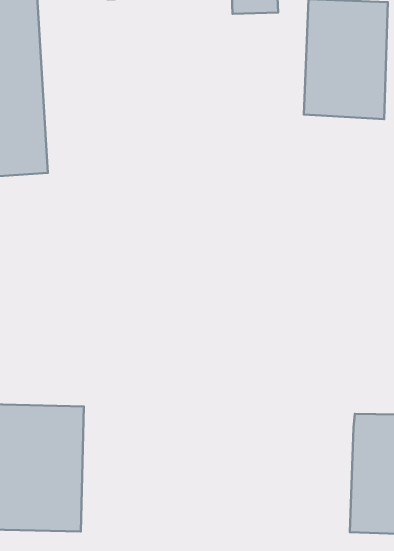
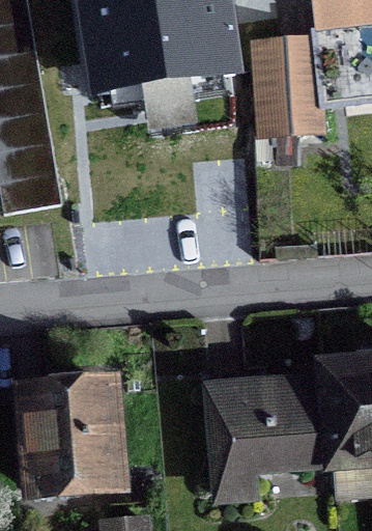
building: none -> [207,382,330,474]

